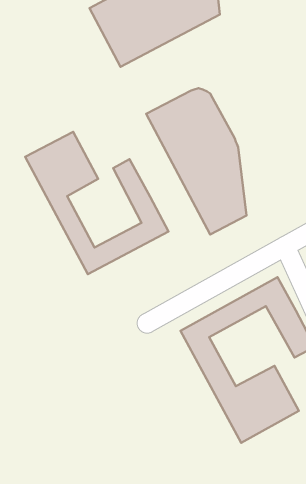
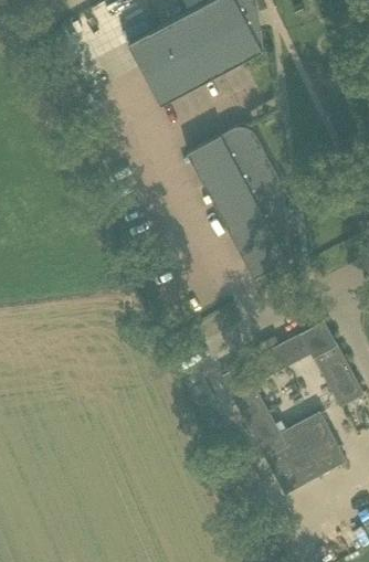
building: [25,132,169,274] -> none

